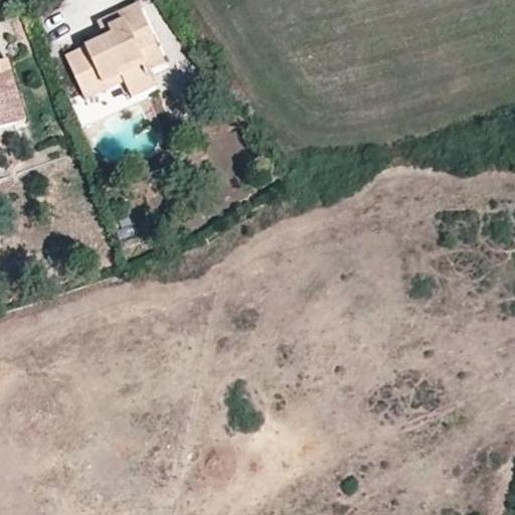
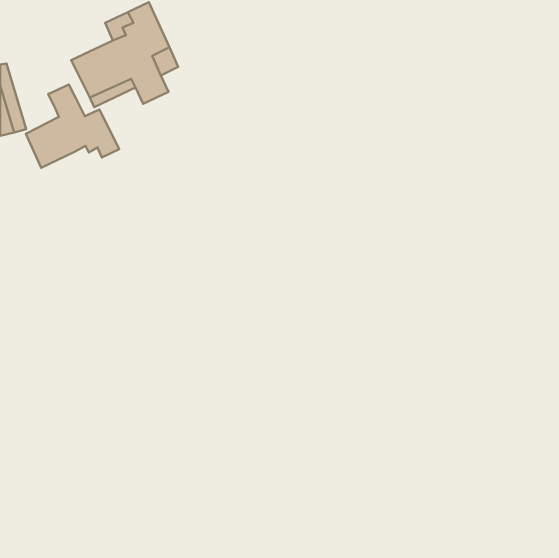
building: none -> [26,84,119,168]

